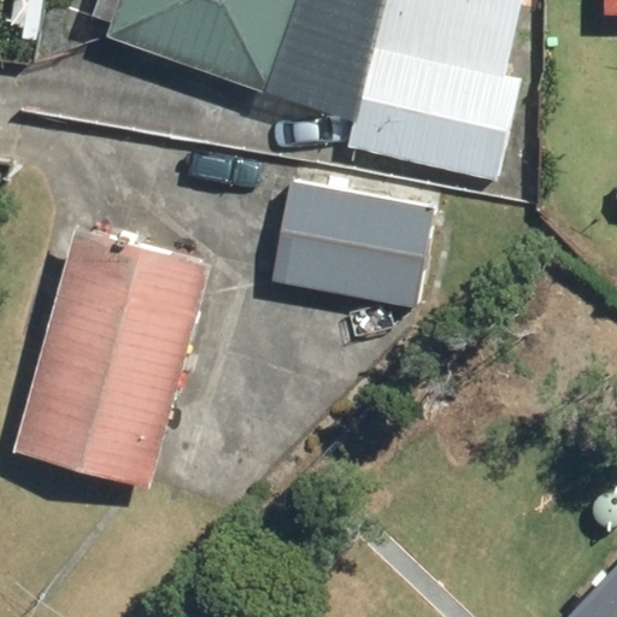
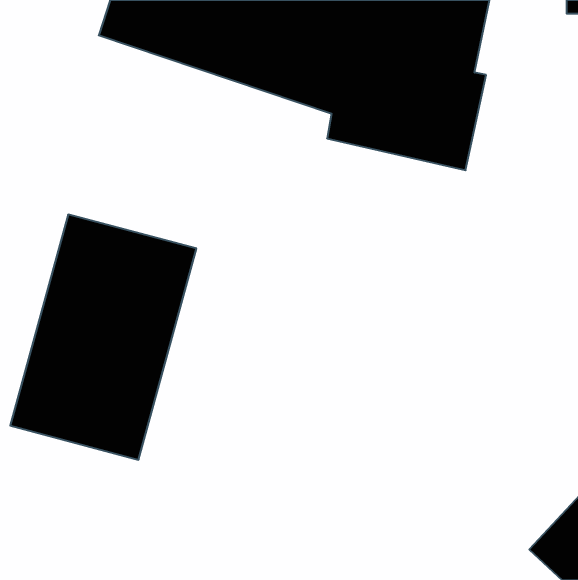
building: [270,180,435,306] -> none

